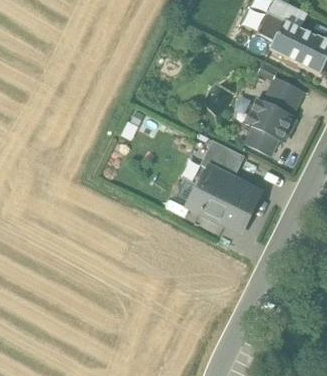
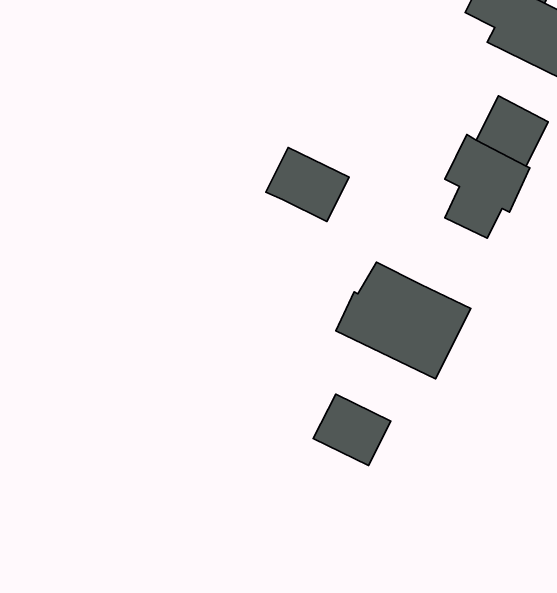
building: [199,139,244,179] -> [266,148,349,222]
building: none -> [313,394,391,465]

